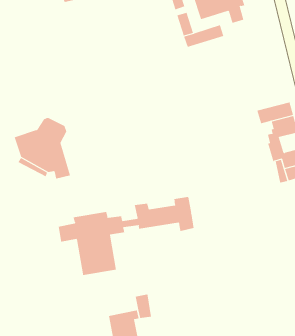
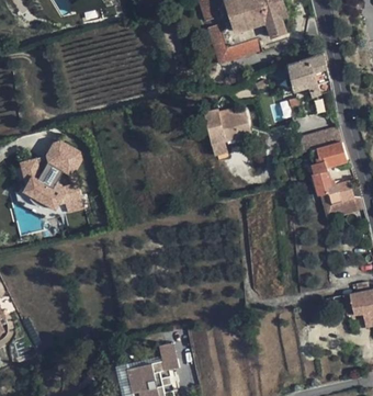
building: none -> [286,52,330,95]
building: none -> [203,108,250,154]
building: [58,196,194,276] -> none

